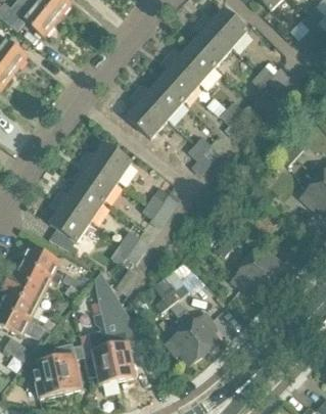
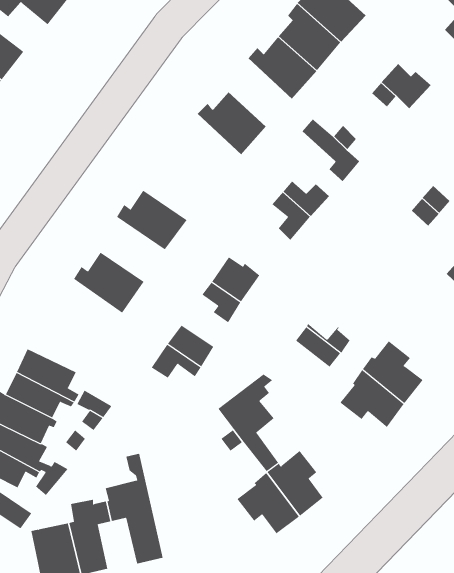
building: [159,58,200,102] -> none
building: [127,94,168,138] -> none
building: [77,160,119,202] -> none
building: [48,200,91,251] -> none
building: [95,272,142,380] -> none

